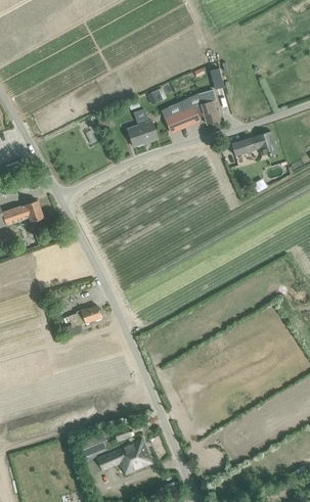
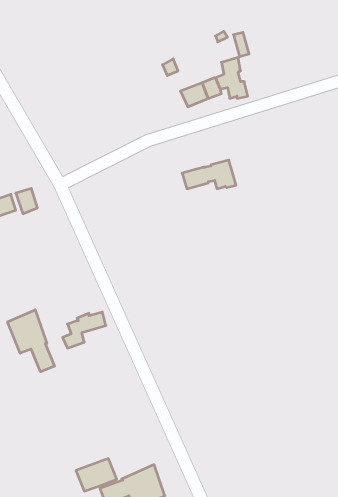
building: [126,120,157,145] -> none
building: [230,131,276,155] -> [182,160,236,189]
building: none -> [8,310,55,372]

